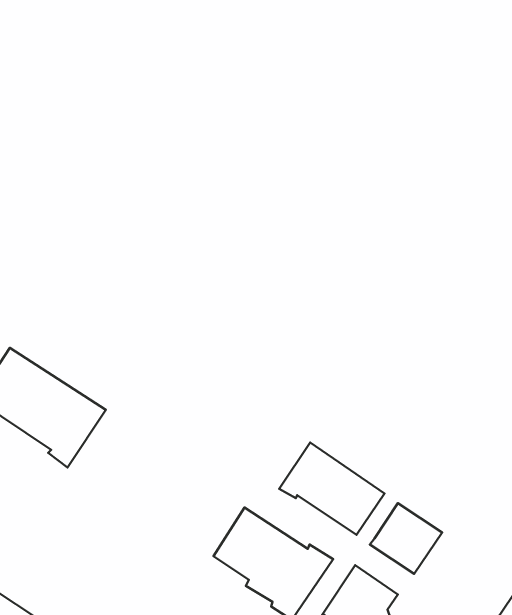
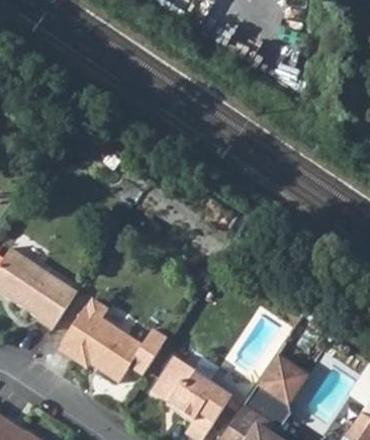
building: none -> [61,302,145,383]
building: [279,442,384,535] -> none

